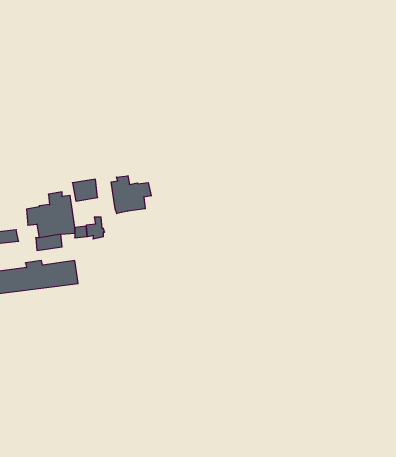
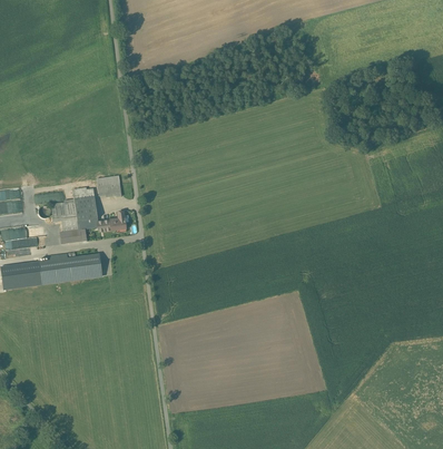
building: [111,176,151,214] -> none

